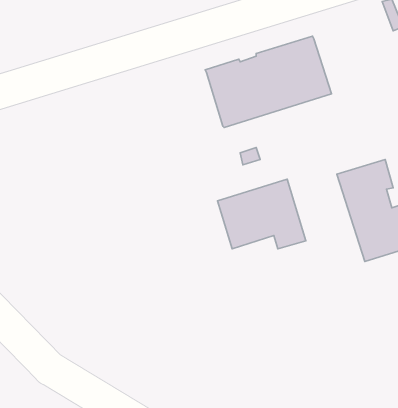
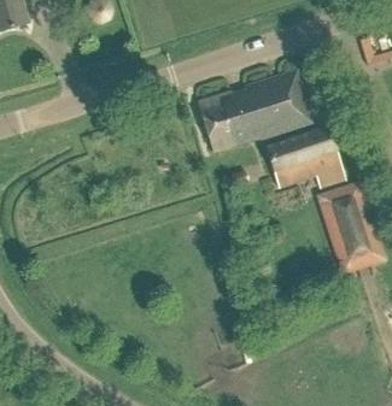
building: [217,179,306,249] -> [267,124,346,187]

